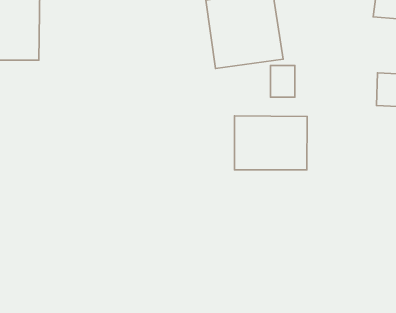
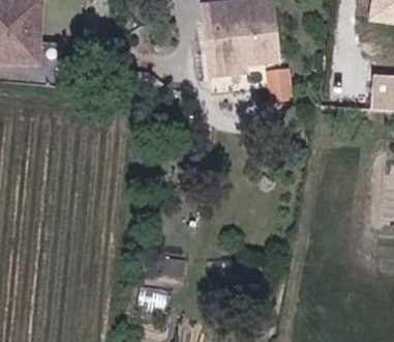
building: [234,116,307,170] -> none

